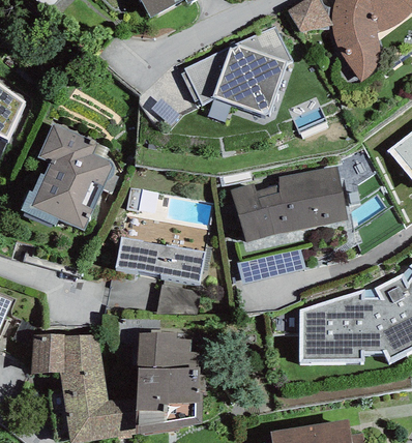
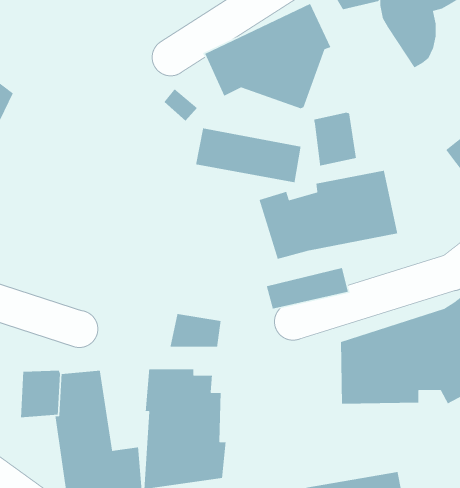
building: none -> [313,112,357,166]
building: [21,124,119,230] -> none
building: [115,236,204,283] -> [195,128,301,183]

